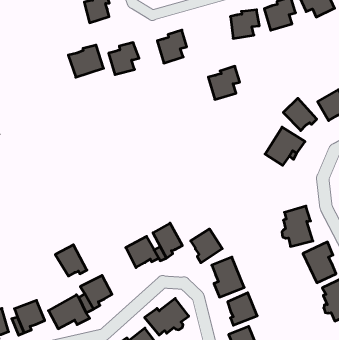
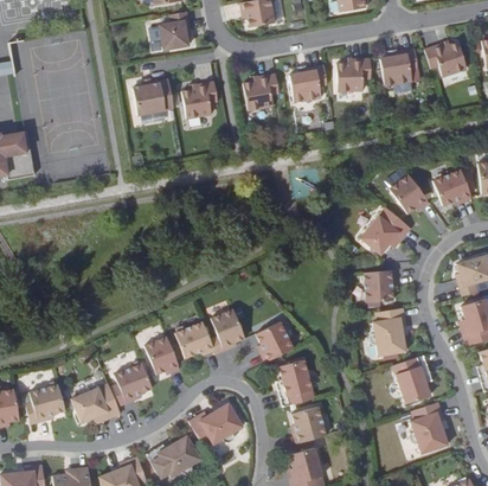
building: [208,66,240,99] -> [290,64,328,102]
building: none -> [364,269,396,301]
building: [55,245,87,276] -> [143,335,180,373]

